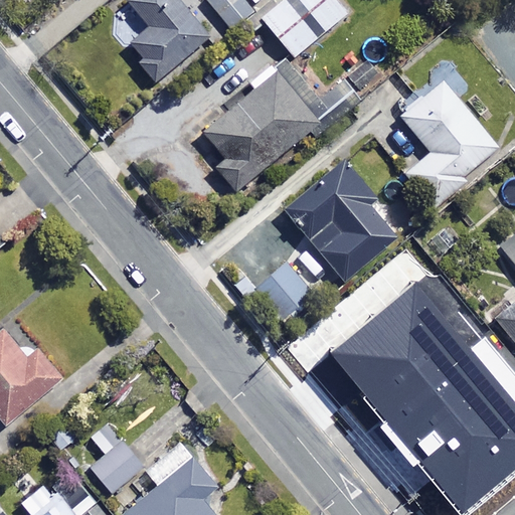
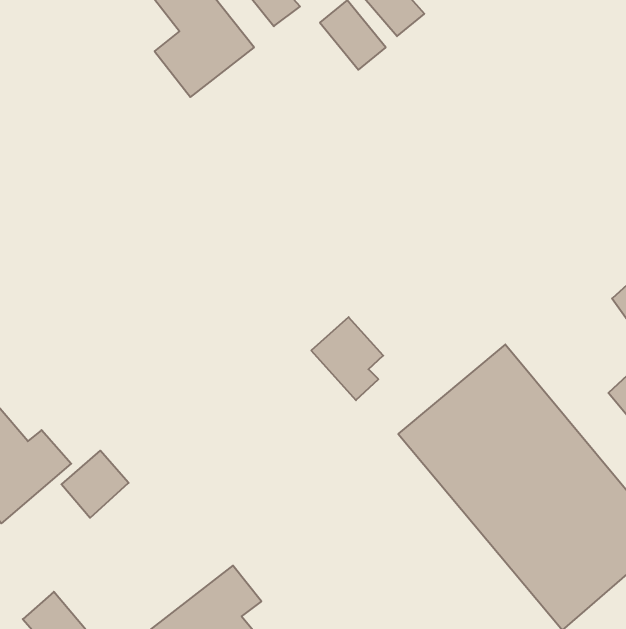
building: [206,63,353,192] -> none
building: [399,77,498,207] -> none
building: [284,161,392,280] -> none
building: [92,439,146,493] -> [61,451,129,518]

